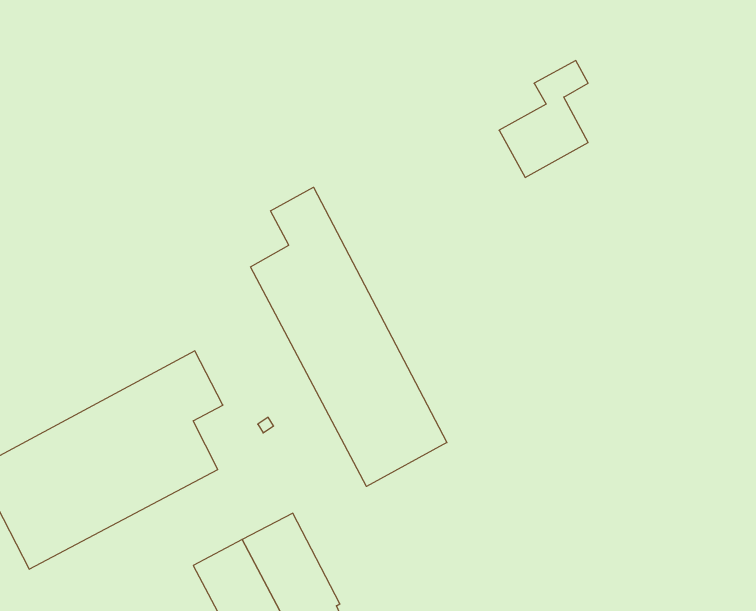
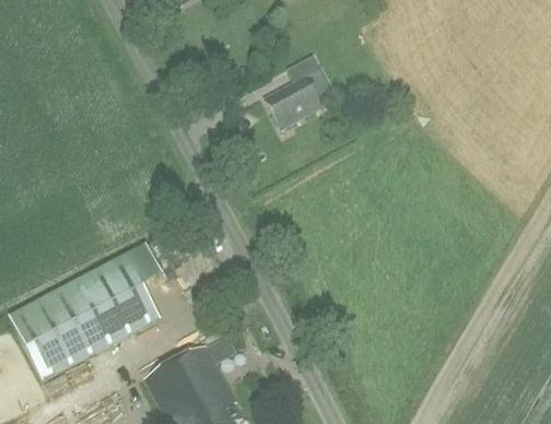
building: [499,61,588,177] -> [266,52,321,126]
building: [251,187,447,486] -> none

